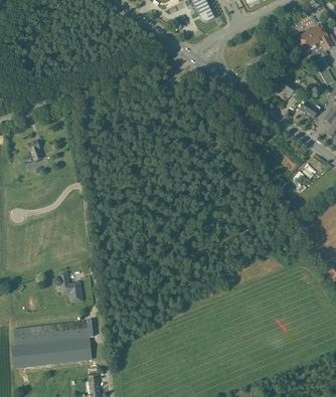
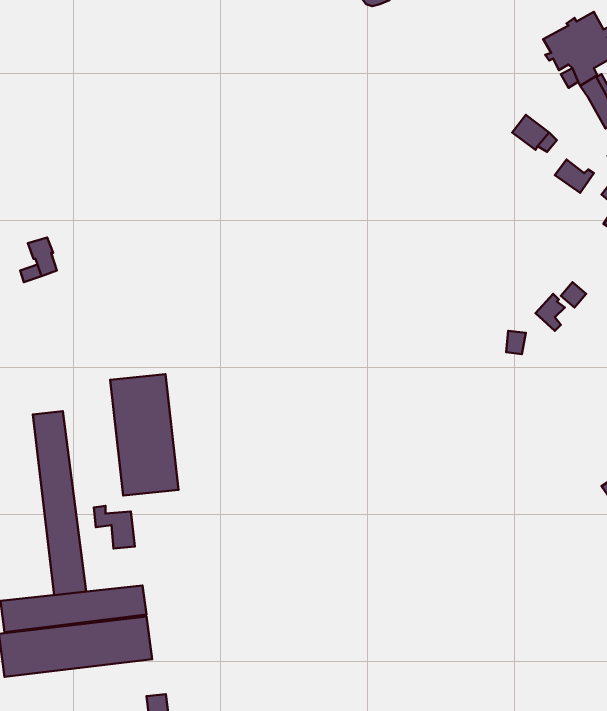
building: none -> [110,374,178,496]
building: none -> [33,411,86,595]

